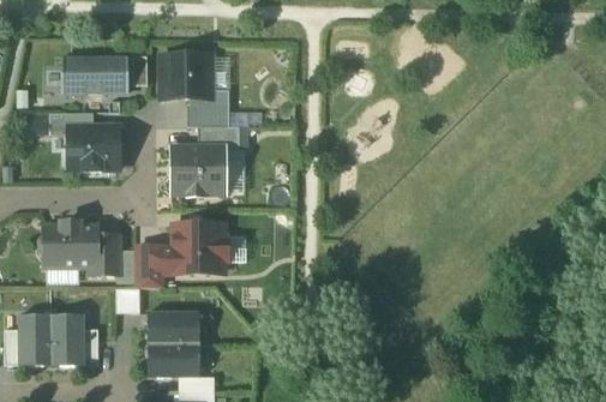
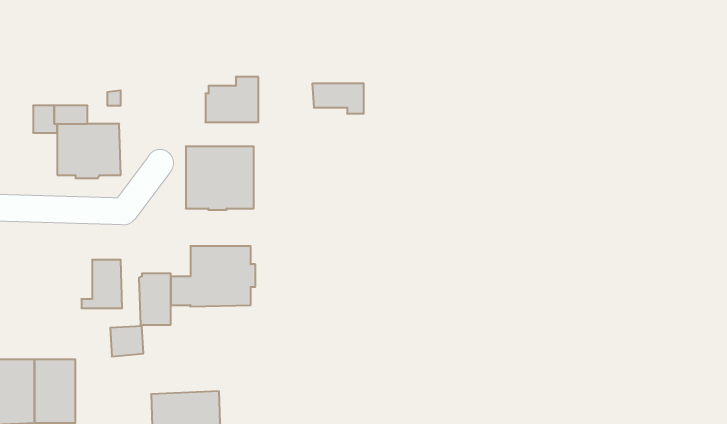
building: [163,55,212,97] -> none
building: [62,56,132,96] -> none
building: [199,126,240,150] -> [312,83,364,114]
building: [41,222,98,266] -> none
building: [144,310,199,342] -> none

